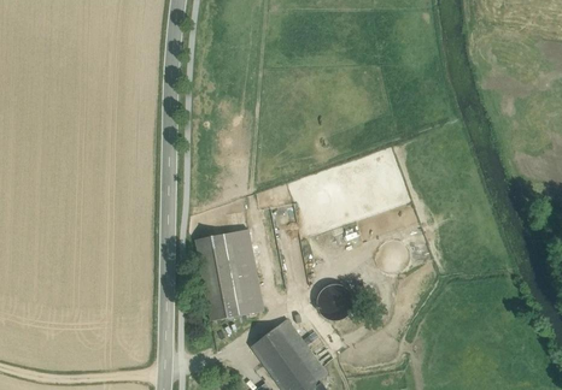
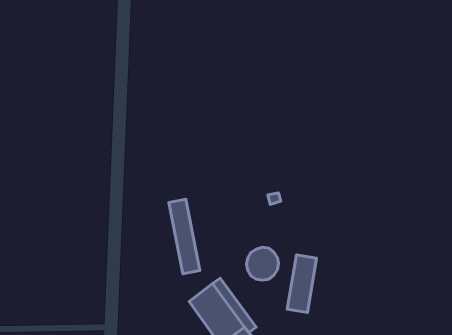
building: [195,235,245,323] -> none
building: none -> [287,255,317,313]

